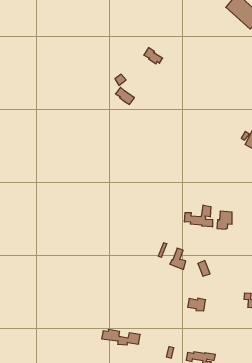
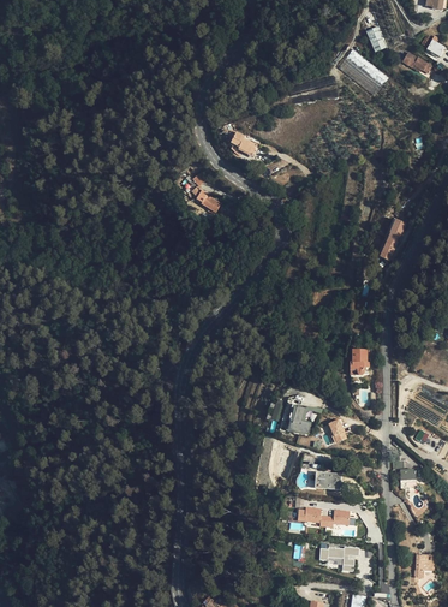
building: [185,205,213,227] -> none
building: [102,330,140,345] -> [298,507,351,526]

